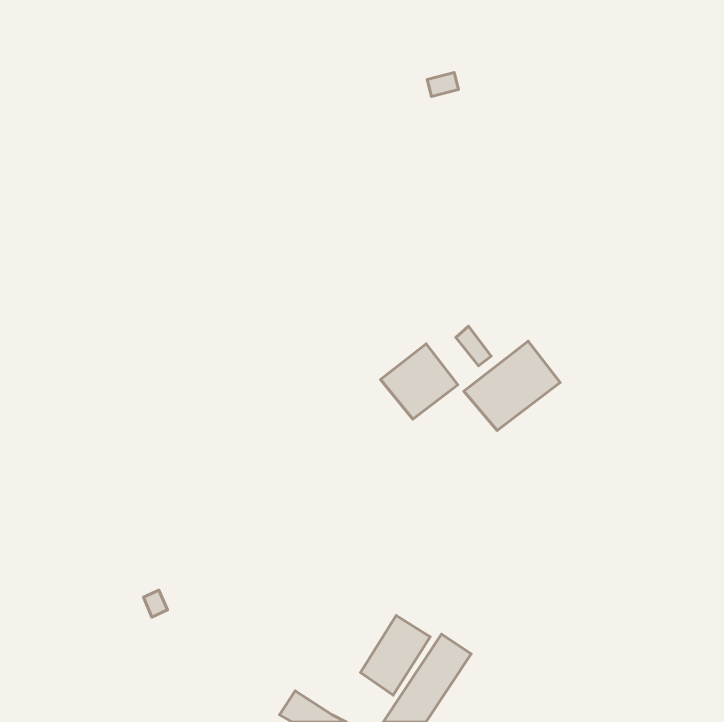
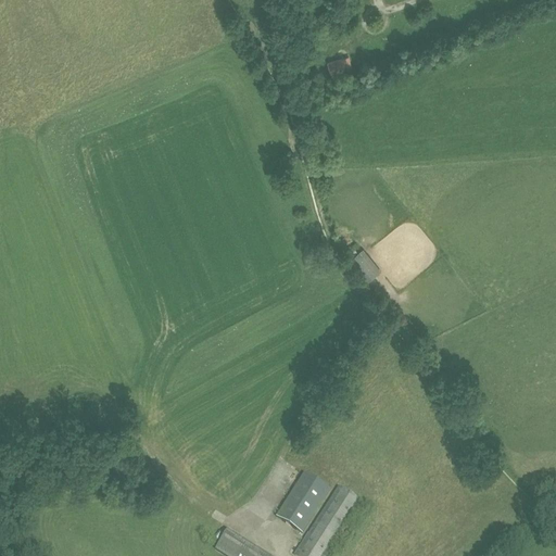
building: [464,341,560,431] -> none
building: [380,344,458,419] -> none

